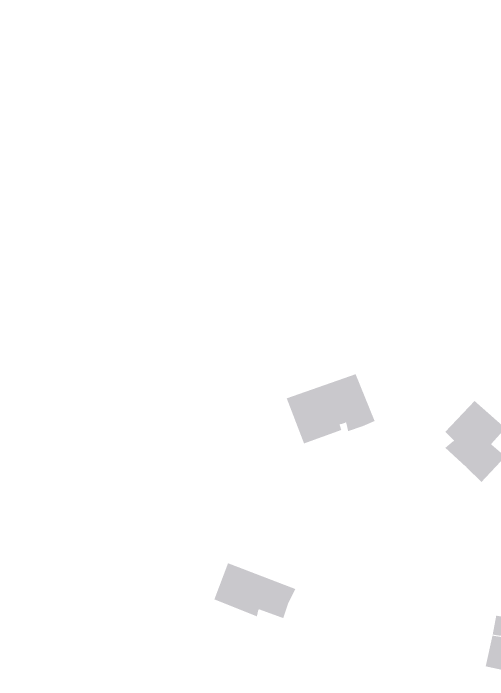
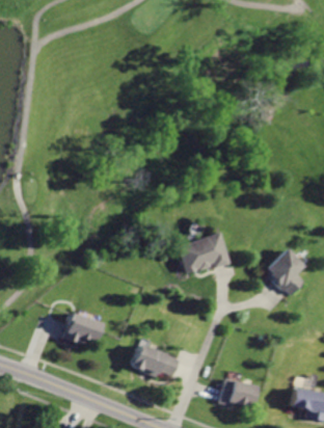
building: none -> [61,313,101,344]
building: none -> [220,379,255,407]

